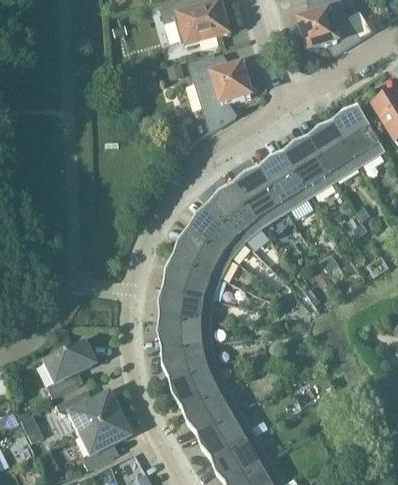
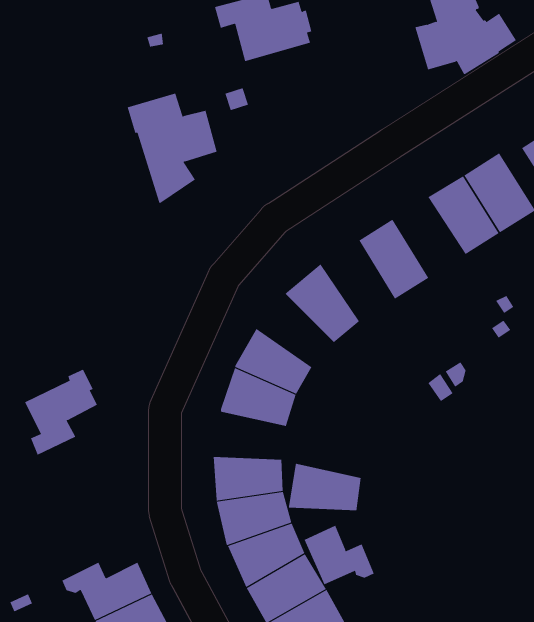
building: [187,55,250,132] -> [127,93,218,204]
building: [284,139,334,195] -> none
building: [234,169,285,225] -> none
building: [189,206,243,257] -> none
building: [159,288,210,321] -> [288,463,362,511]
building: [41,338,92,398] -> [24,369,98,455]
building: none -> [304,525,374,585]

